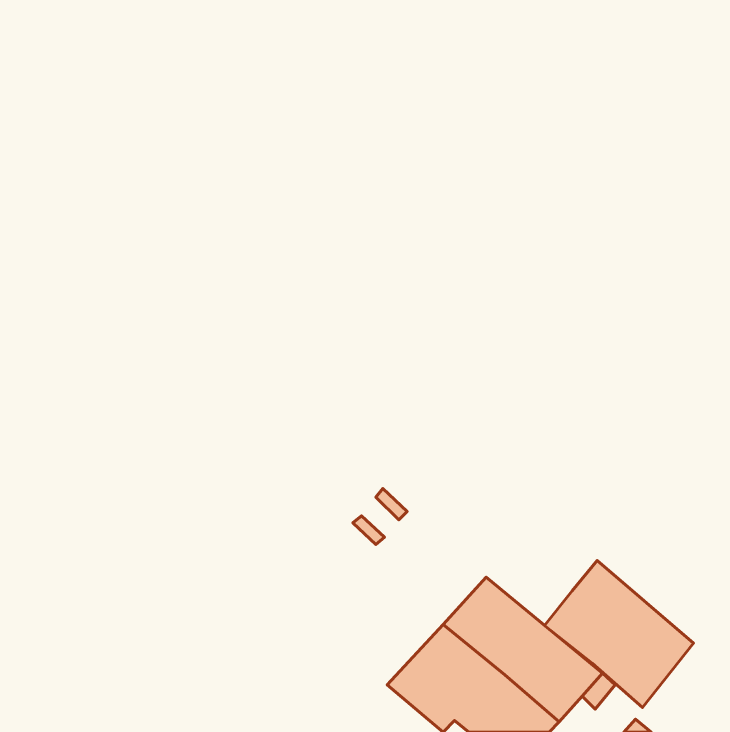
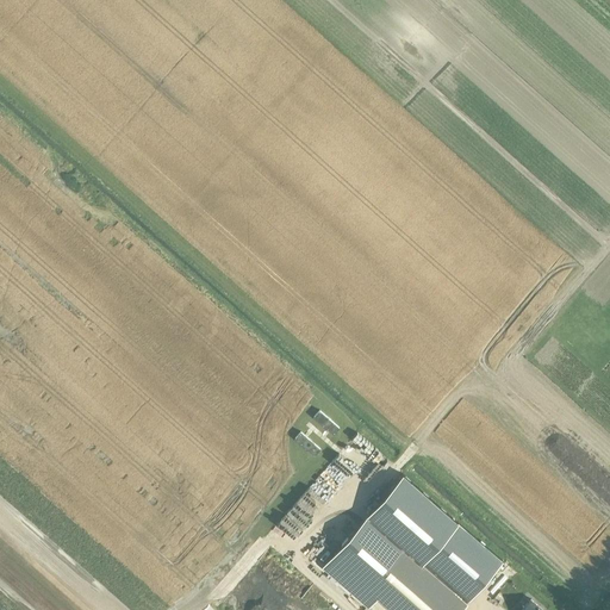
building: [544,561,694,708] -> none

